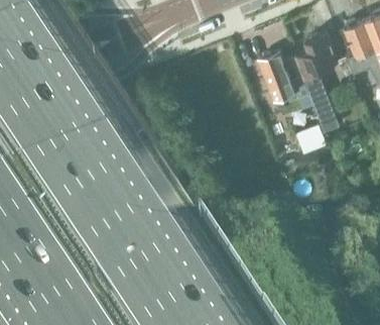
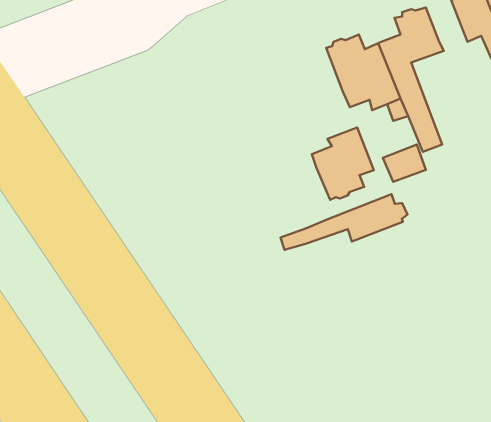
building: none -> [312,128,374,200]
building: none -> [281,194,408,250]

